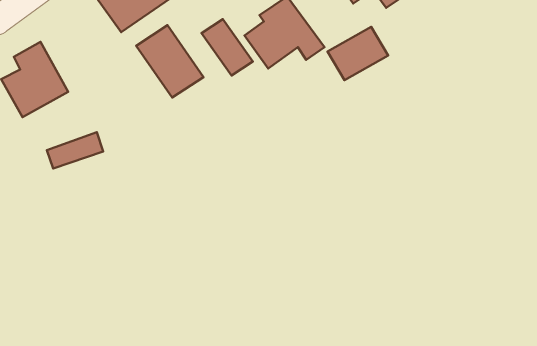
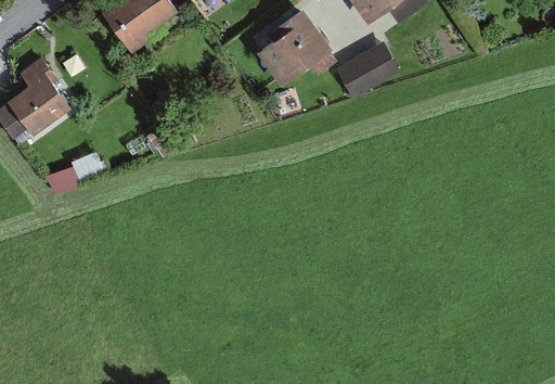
building: [202,19,253,76] -> none
building: [136,25,203,98] -> none

